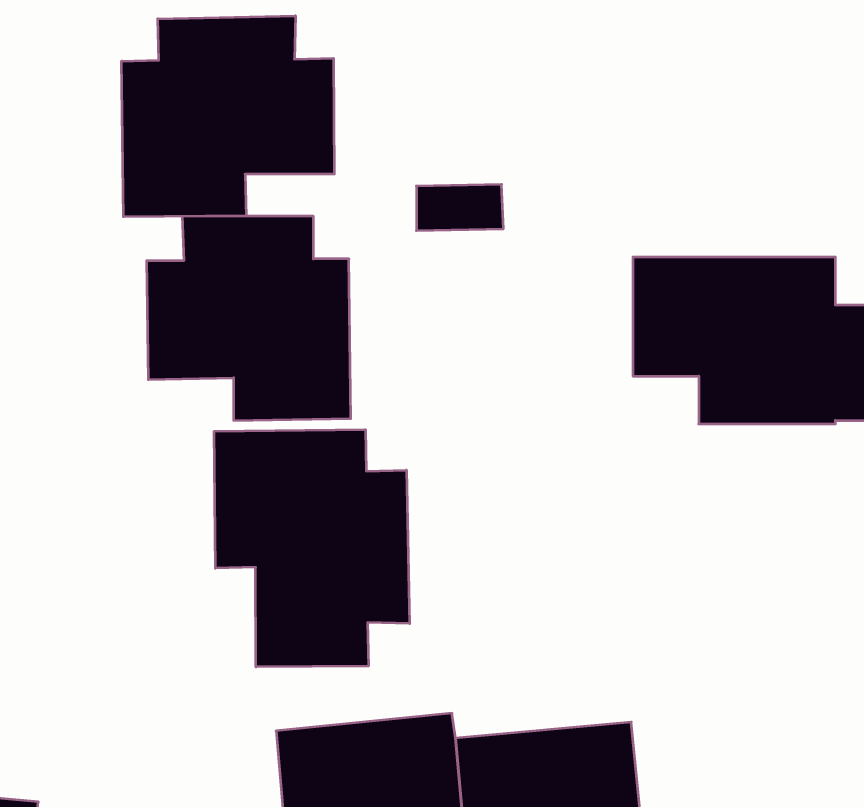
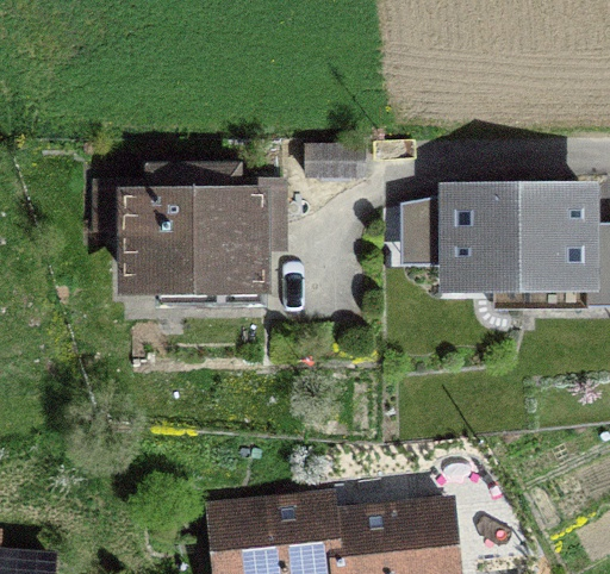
building: [122,16,334,217] -> none
building: [214,430,410,667] -> none

